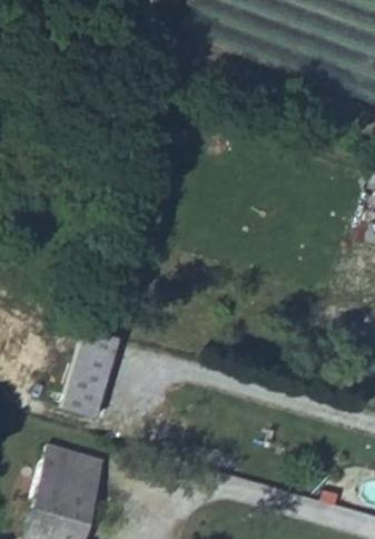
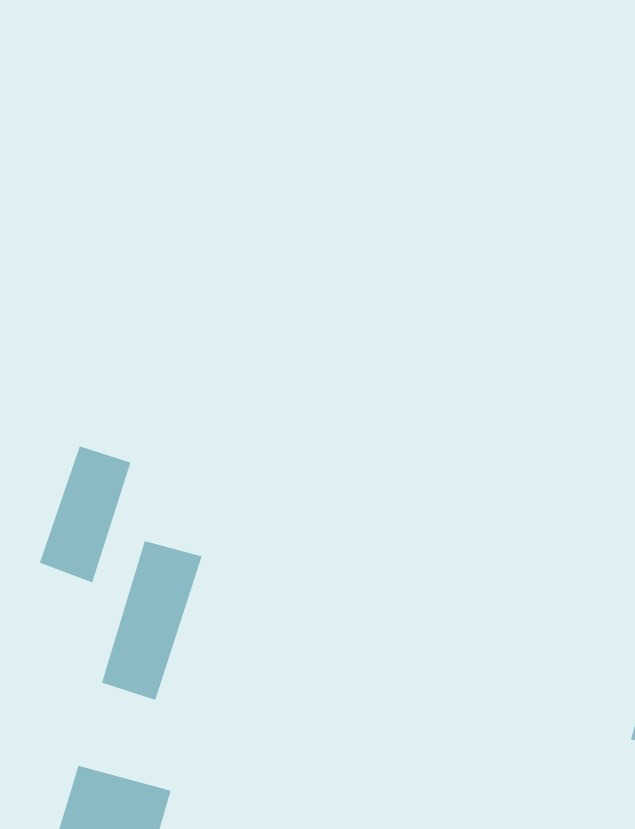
building: none -> [39,446,131,583]

